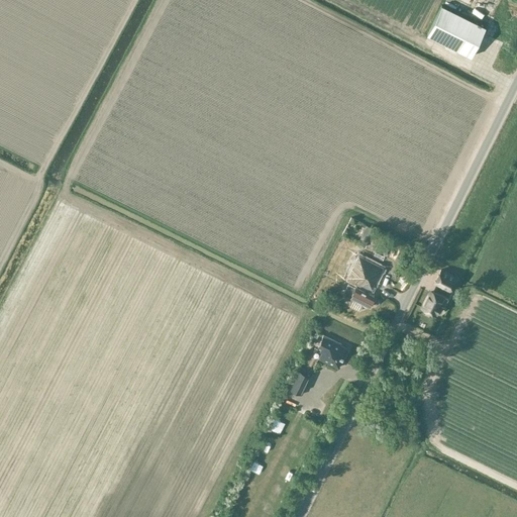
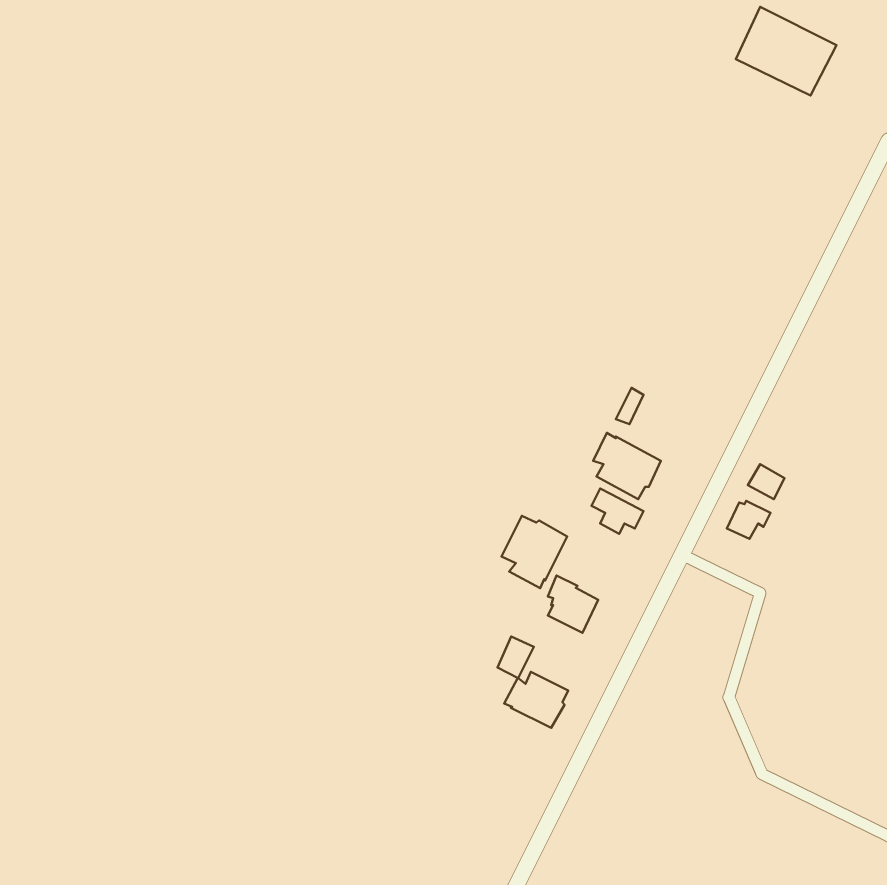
building: none -> [502,516,567,588]
building: none -> [504,672,568,728]

